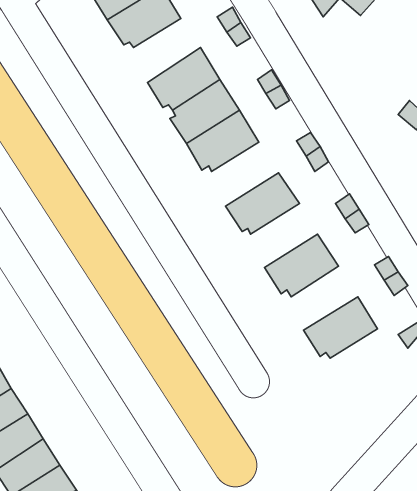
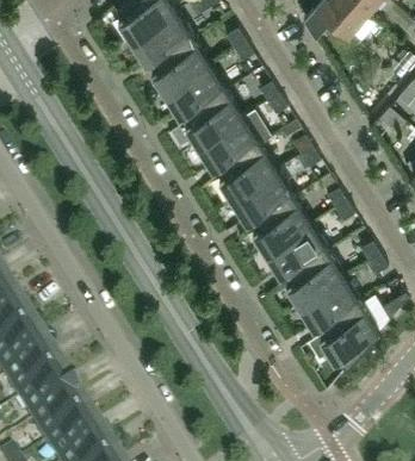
building: none -> [151,38,211,93]
building: none -> [219,144,278,199]
building: none -> [253,197,311,251]
building: none -> [286,250,346,305]
building: none -> [320,304,380,368]

